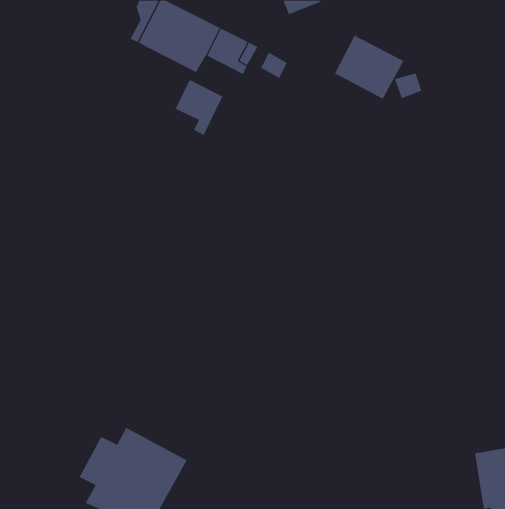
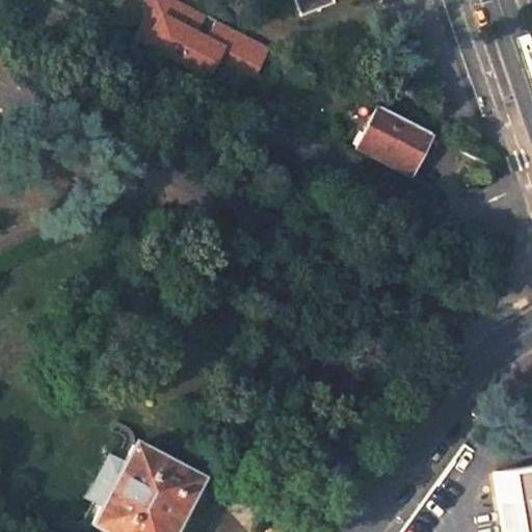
building: [334,35,404,100] -> [361,106,433,174]
building: [175,79,223,136] -> none

